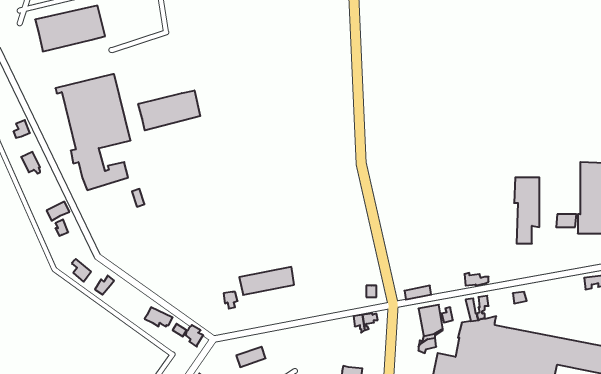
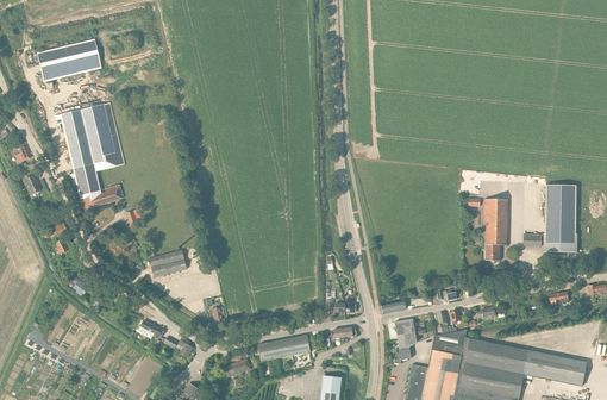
building: [138,90,200,130] -> none
building: none -> [149,249,187,276]
building: [239,267,294,295] -> [258,335,309,361]

